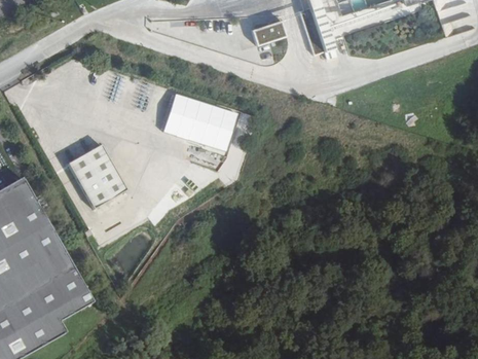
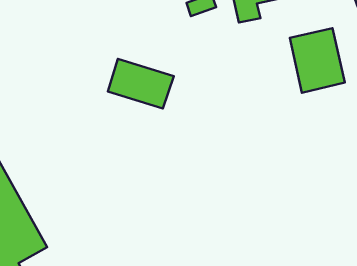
building: none -> [290,28,345,93]
building: [67,143,126,208] -> none

